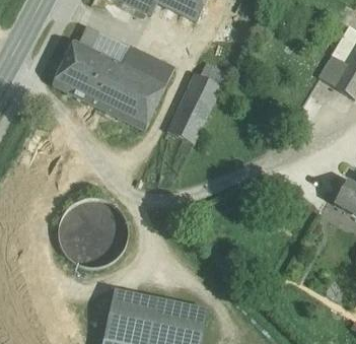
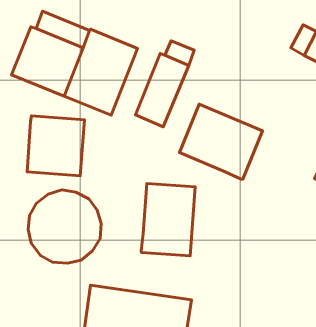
building: none -> [179,104,263,179]
building: none -> [27,116,84,176]
building: none -> [141,184,195,256]

